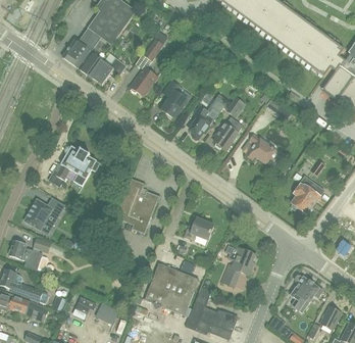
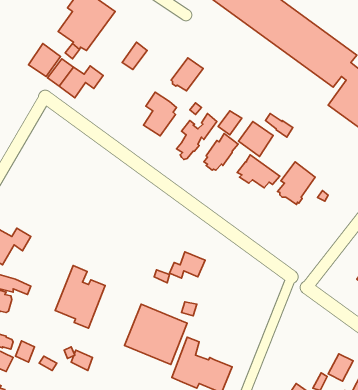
building: [131,66,158,95] -> [171,58,203,91]
building: none -> [238,122,273,156]
building: [49,146,100,186] -> none
building: [291,177,323,213] -> [277,162,315,204]
building: [116,178,159,232] -> [55,266,105,328]
building: [220,247,255,286] -> none
building: [291,275,323,312] -> none

